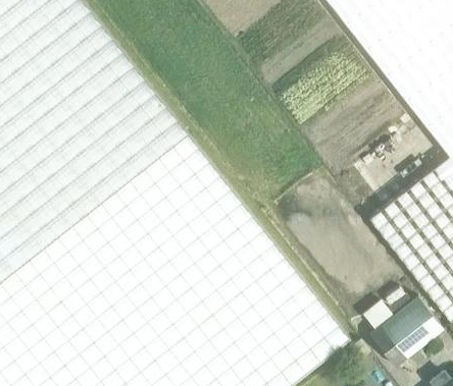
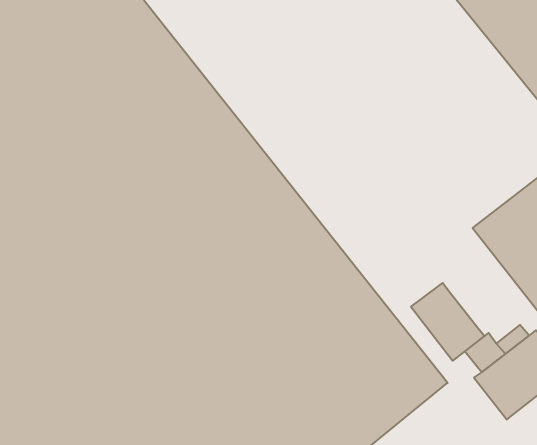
building: none -> [411,283,485,361]

